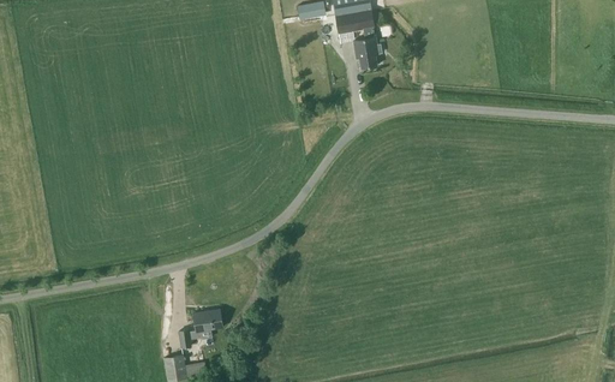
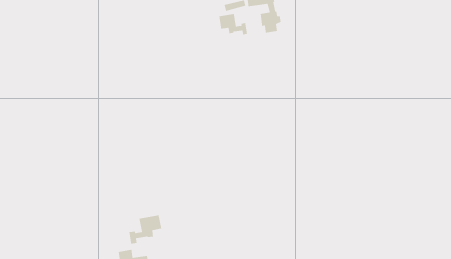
building: none -> [218,13,248,35]

